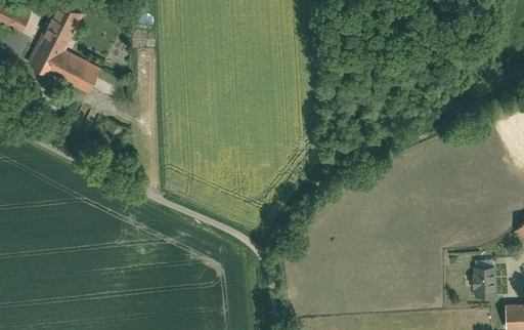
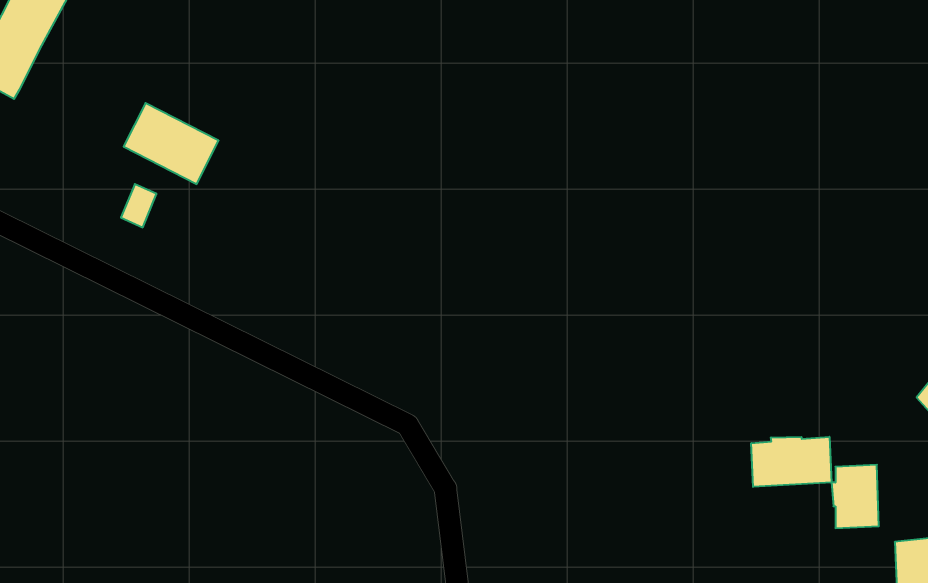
building: [51,49,100,91] -> [124,103,219,184]
building: none -> [751,437,831,487]

